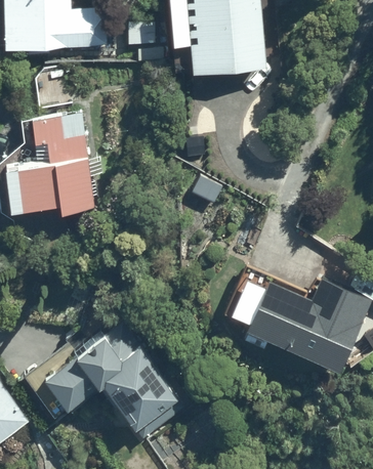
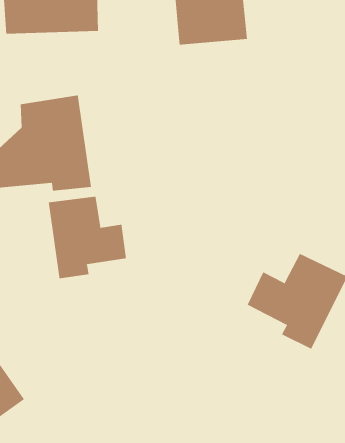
building: none -> [48,196,126,279]
building: [45,324,182,437] -> none

